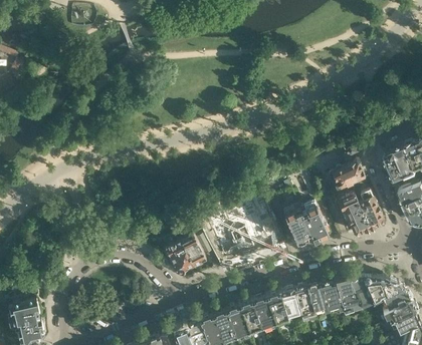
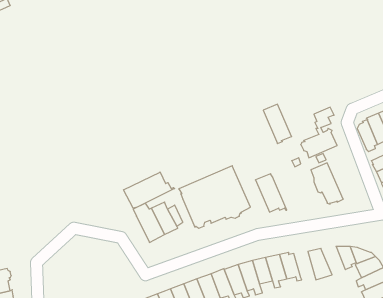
building: [358,193,383,232] -> none
building: [299,204,328,243] -> [263,104,292,144]
building: none -> [124,172,175,208]
building: [348,279,372,307] -> none
building: [321,283,343,313] -> none

